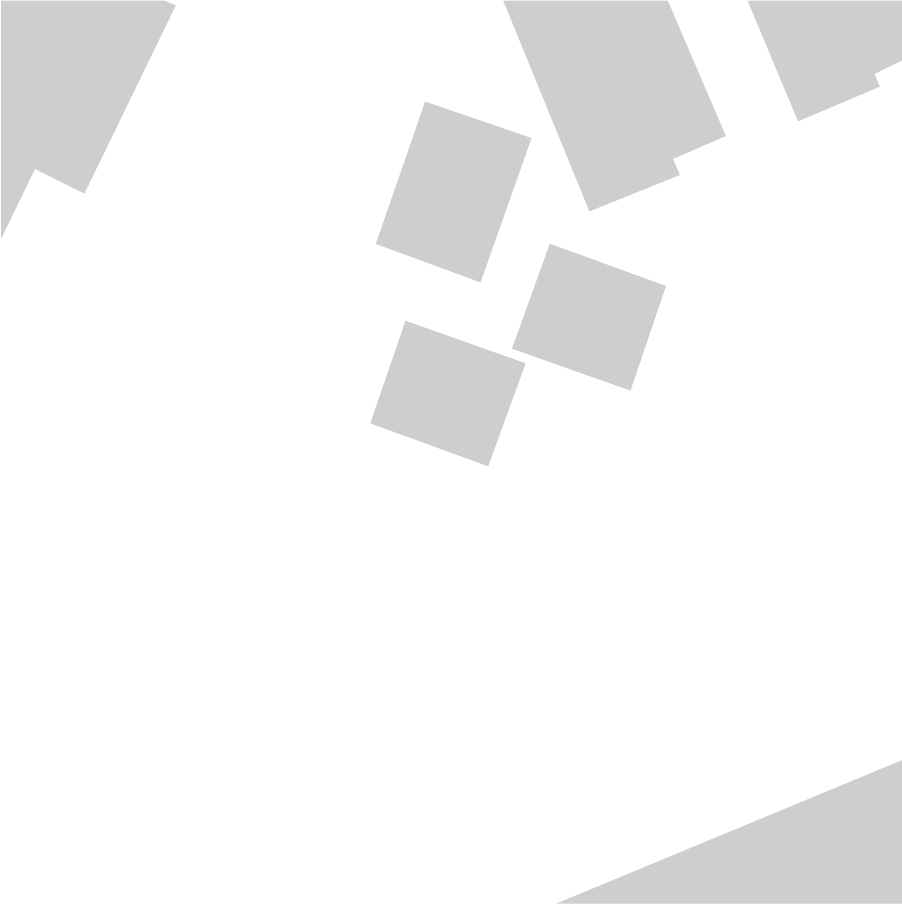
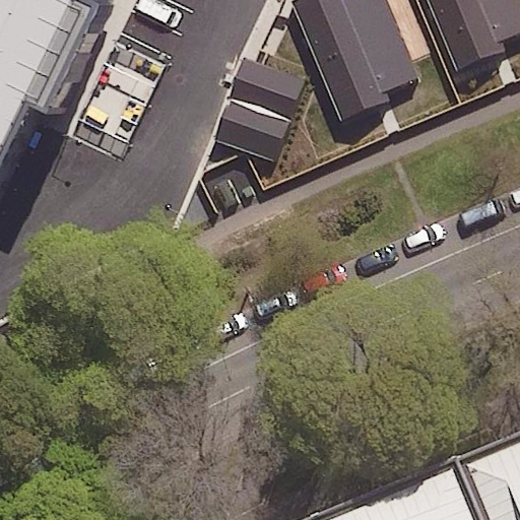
building: [511,243,667,391] -> none
building: [369,320,526,467] -> none

